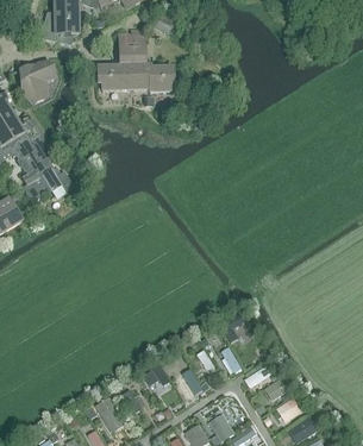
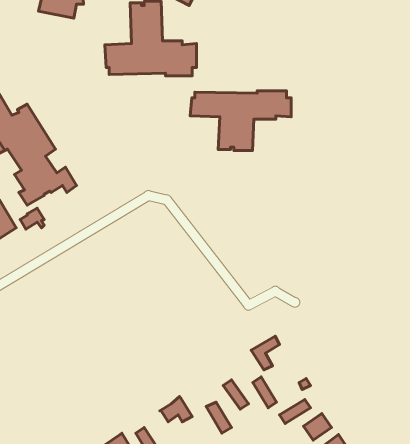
building: [18,62,56,102] -> none
building: none -> [190,91,291,151]

